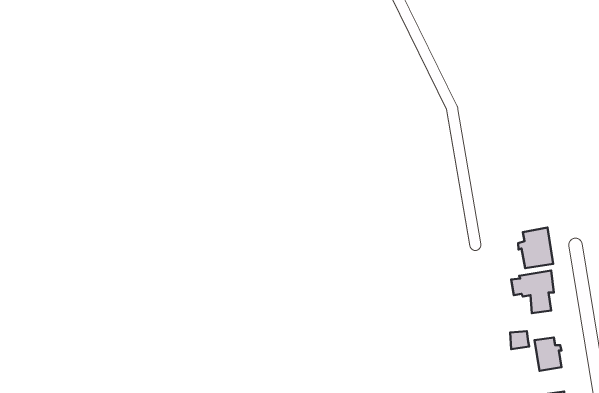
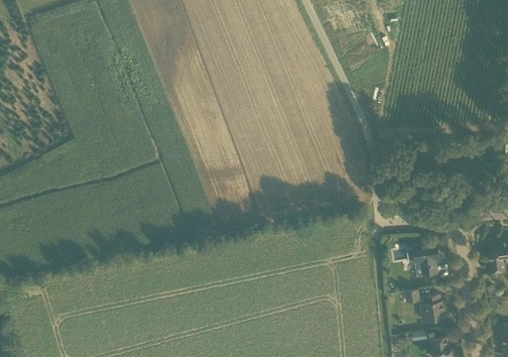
building: [518,227,553,268] -> none

